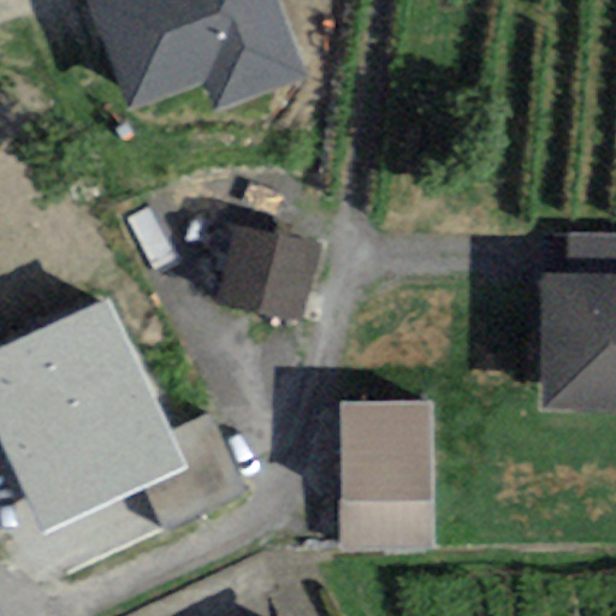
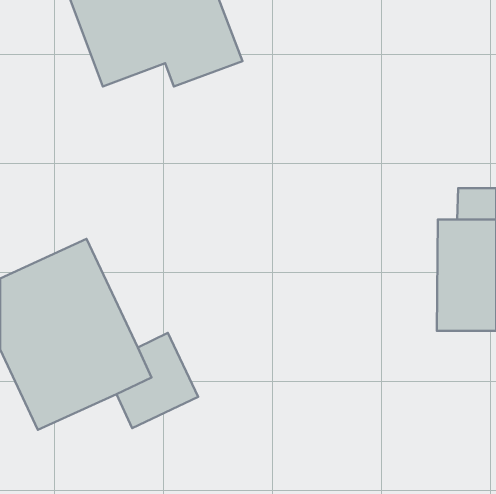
building: [218,230,319,322] -> none
building: [339,399,432,549] -> none

